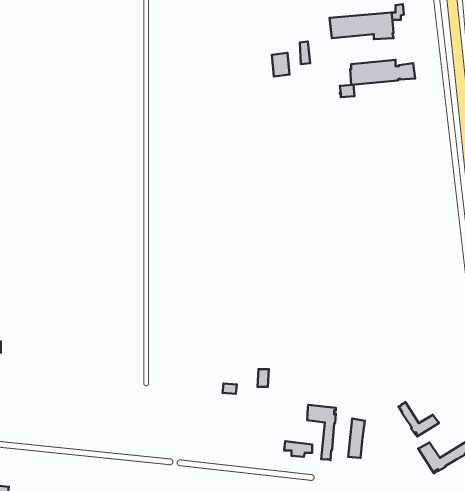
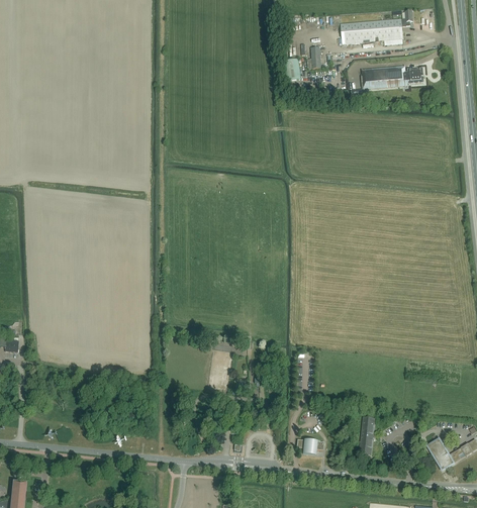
building: [398,402,439,437] -> none
building: [307,405,336,460] -> none

